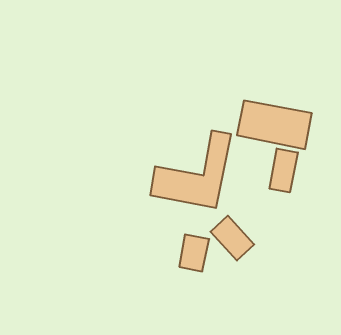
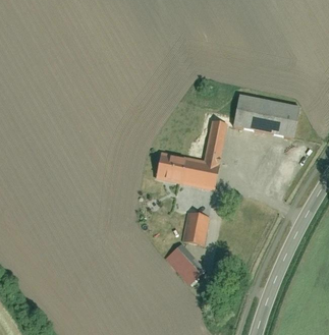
building: [270,148,298,192] -> none
building: [210,216,254,261] -> [166,243,205,283]

